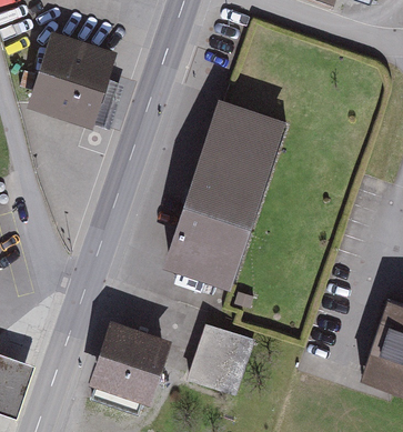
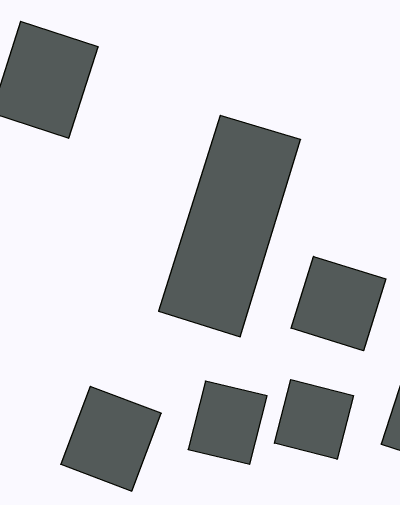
building: none -> [291,256,386,351]
building: none -> [274,380,353,459]

